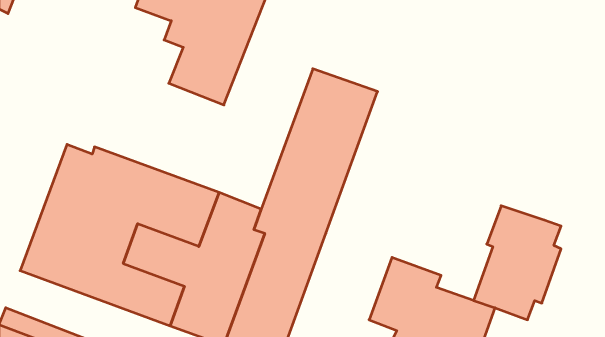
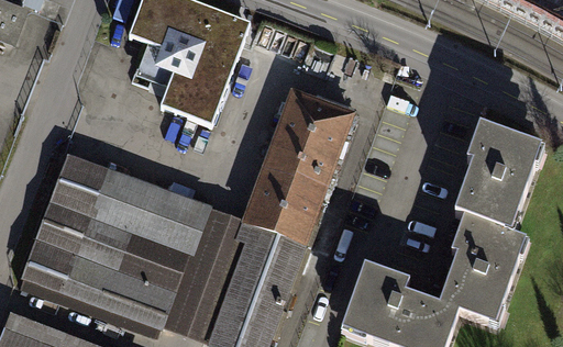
building: none -> [453,126,533,231]

